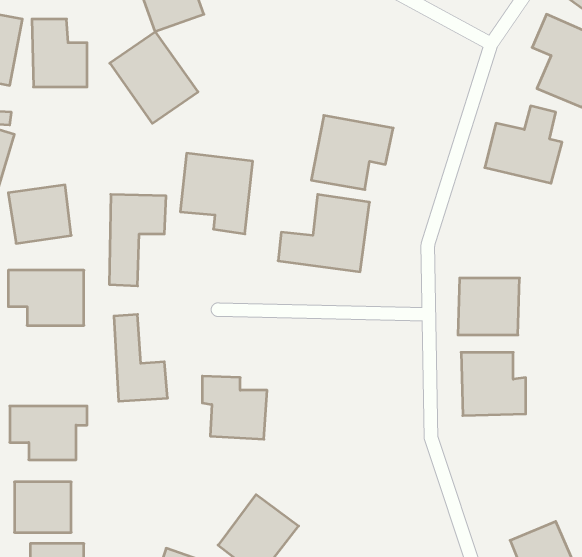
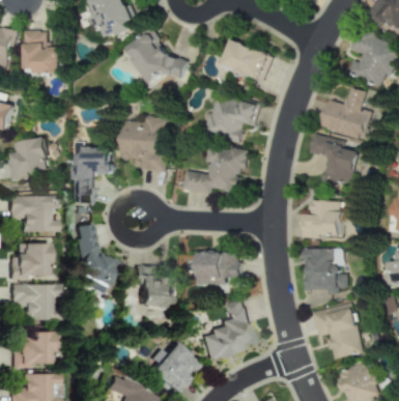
building: [110,32,198,123] -> [124,29,182,89]
building: none -> [221,39,273,81]
building: none -> [310,134,361,187]
building: none -> [8,242,46,278]
building: none -> [197,252,241,283]
building: none -> [199,299,253,357]
building: none -> [313,303,363,359]

